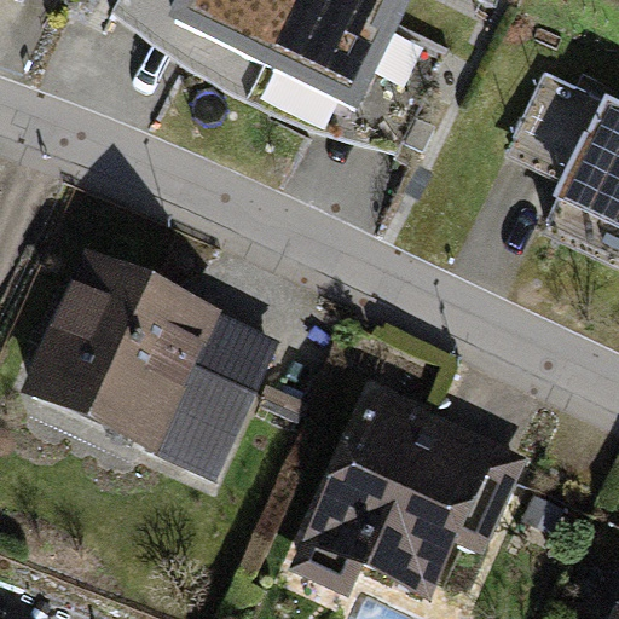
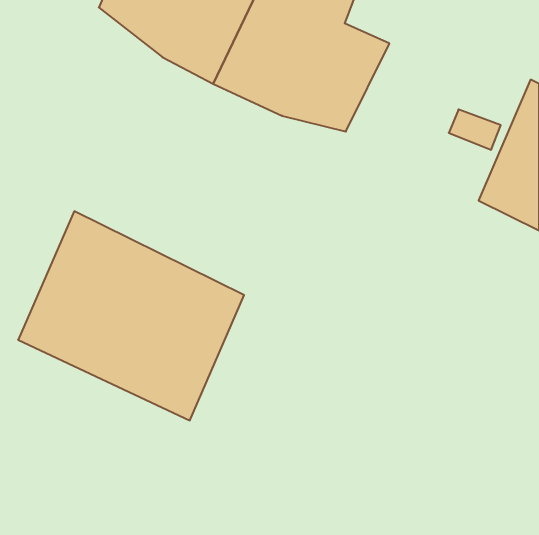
building: [282,383,527,595] -> none

